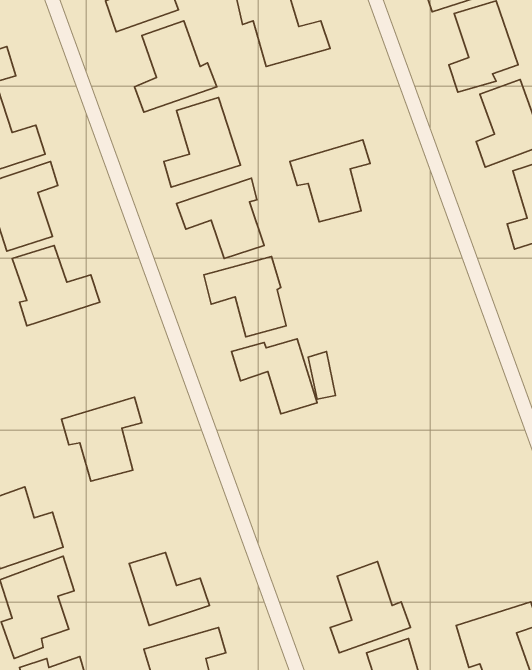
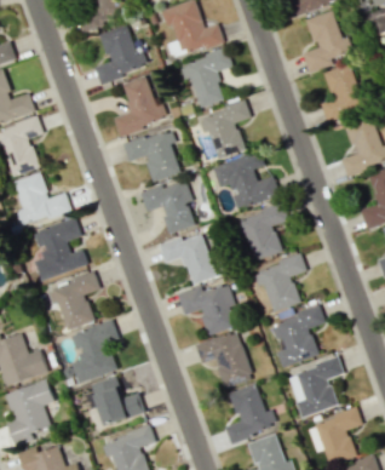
building: none -> [178,50,230,107]
building: none -> [211,150,278,208]
building: none -> [236,204,287,259]
building: none -> [31,217,87,280]
building: none -> [252,254,305,310]
building: none -> [176,282,235,334]
building: none -> [270,306,324,367]
building: none -> [68,320,117,382]
building: none -> [194,331,252,388]
building: none -> [287,357,343,417]

